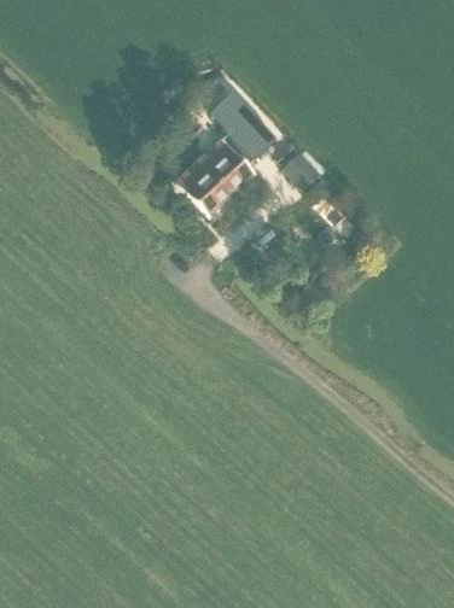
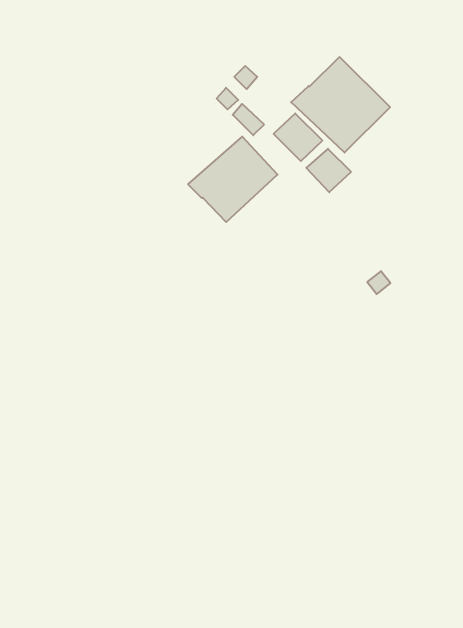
building: none -> [291,57,390,153]

